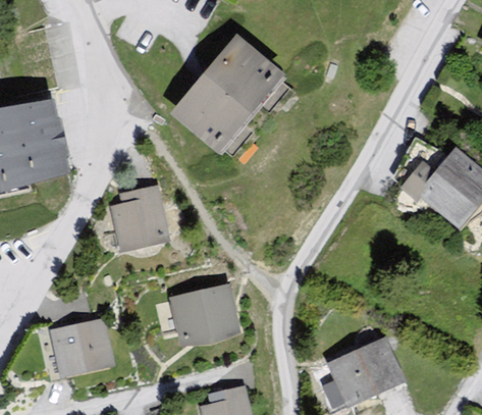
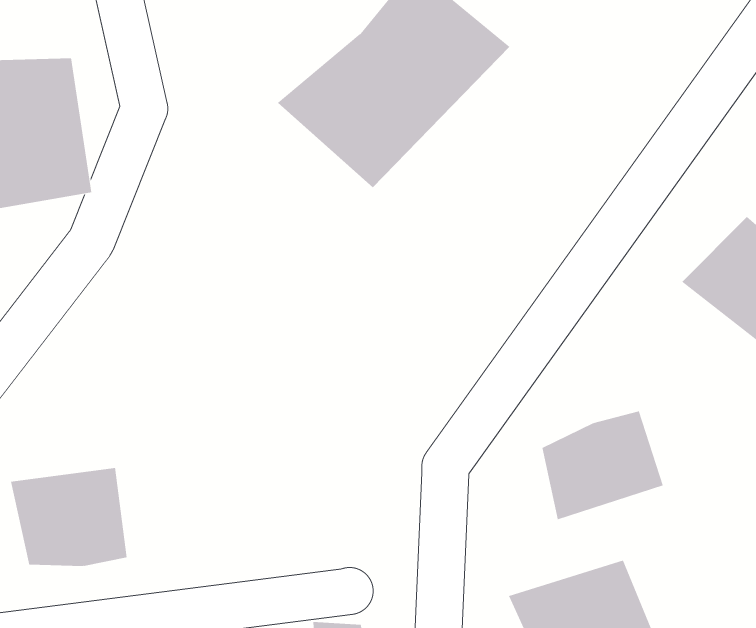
building: [106,184,172,250] -> none
building: none -> [542,410,664,520]
building: [168,283,245,346] -> none

